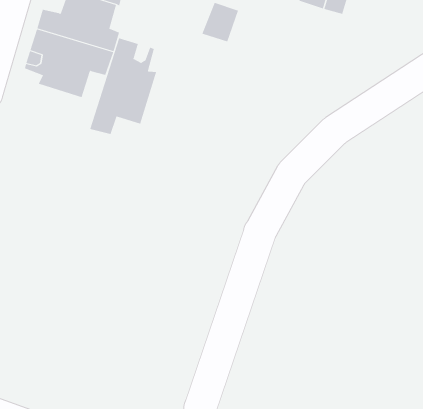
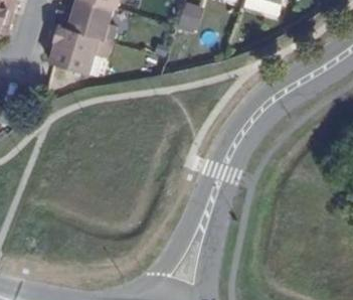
building: [89,37,157,135] -> none

